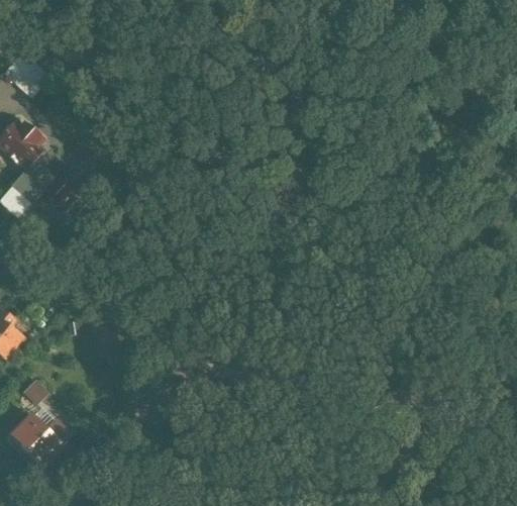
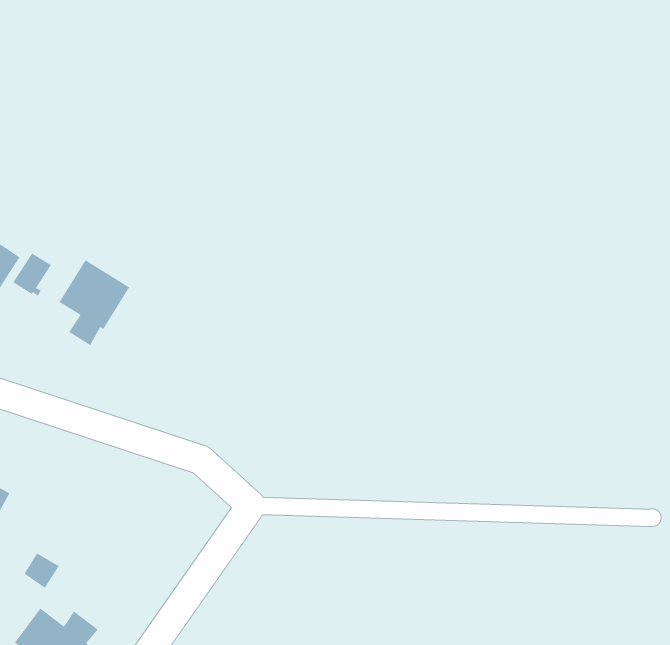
building: none -> [59,259,130,346]

